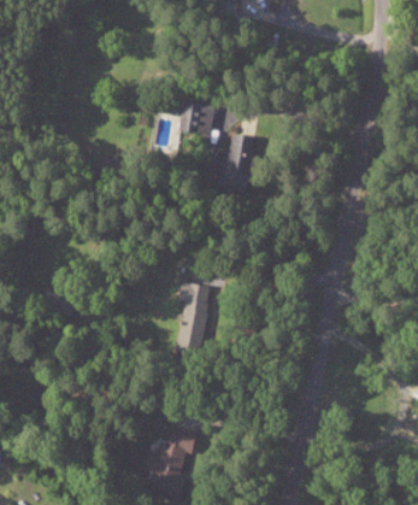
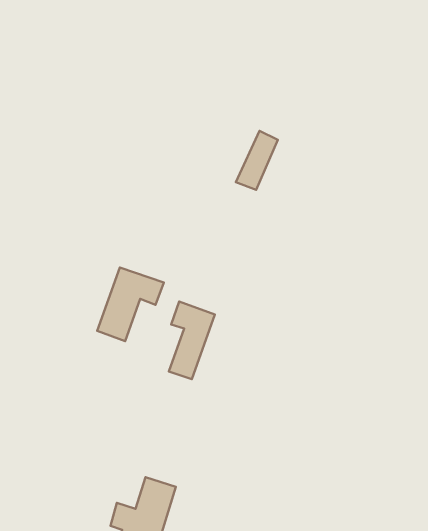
building: [184,105,217,137] -> none
building: none -> [97,267,164,341]

